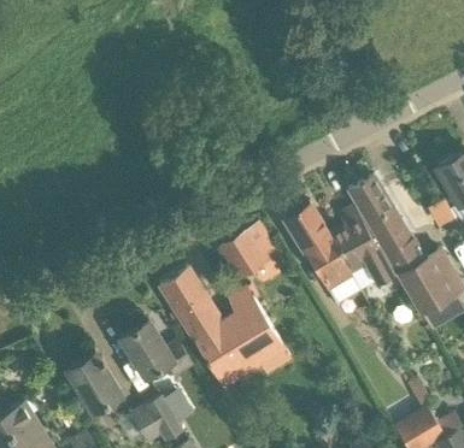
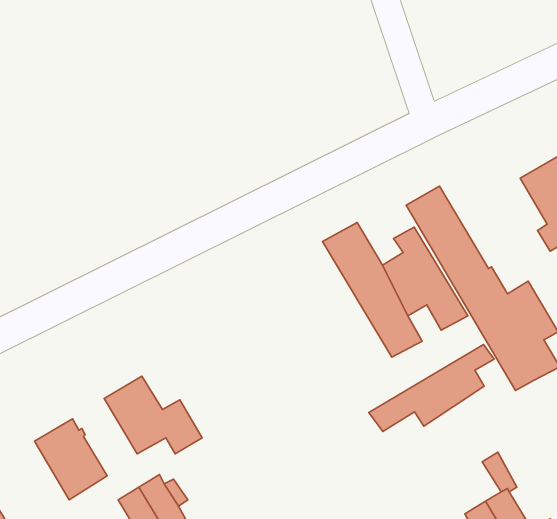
building: [219,224,283,285] -> none
building: [159,267,289,389] -> none
building: none -> [369,344,494,432]

